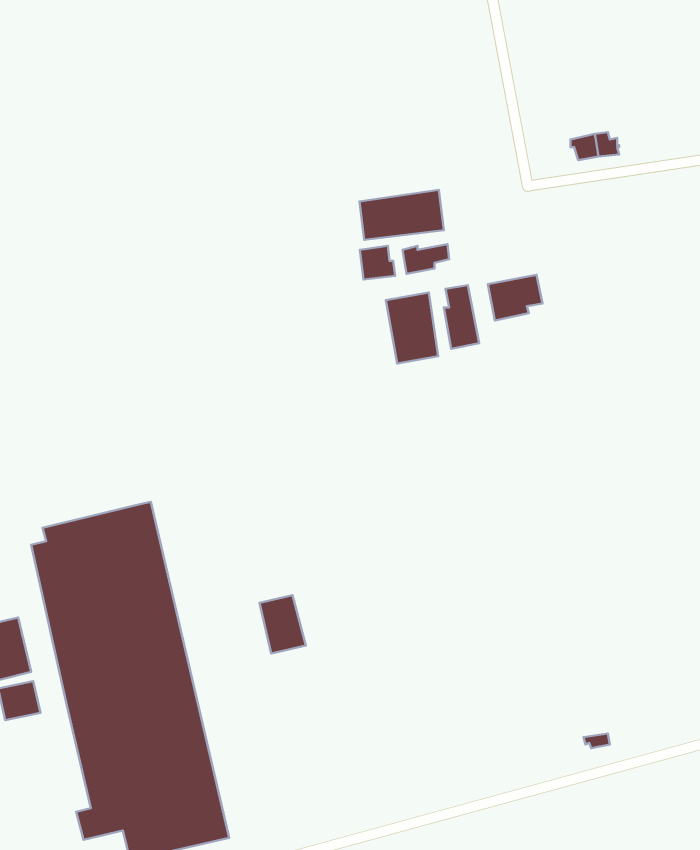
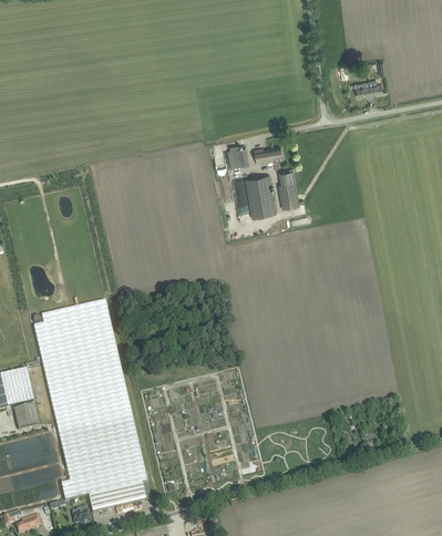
building: [360,190,444,240] -> none
building: [488,275,542,320] -> none
building: [259,595,306,654] -> none

